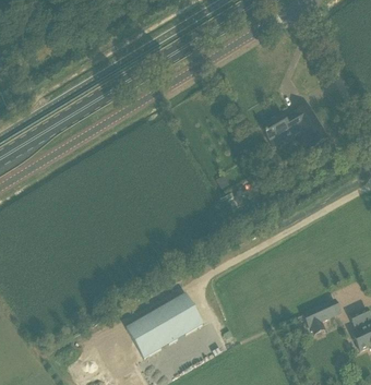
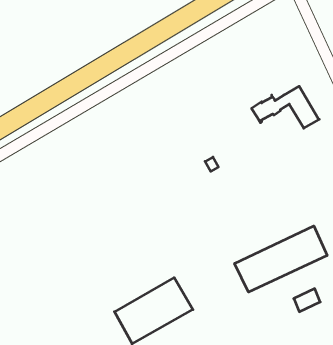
building: none -> [235,226,327,292]

